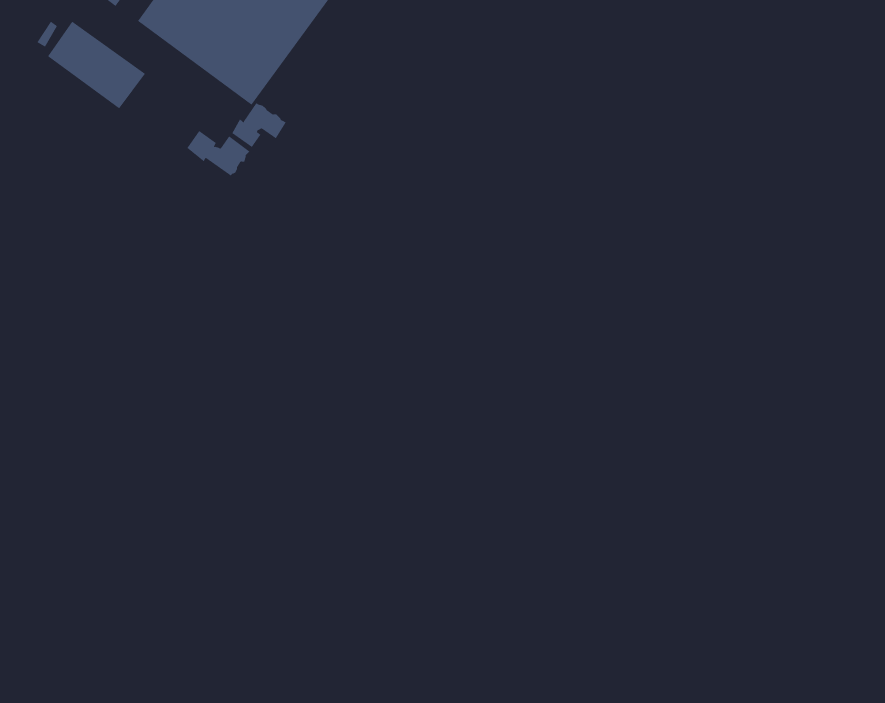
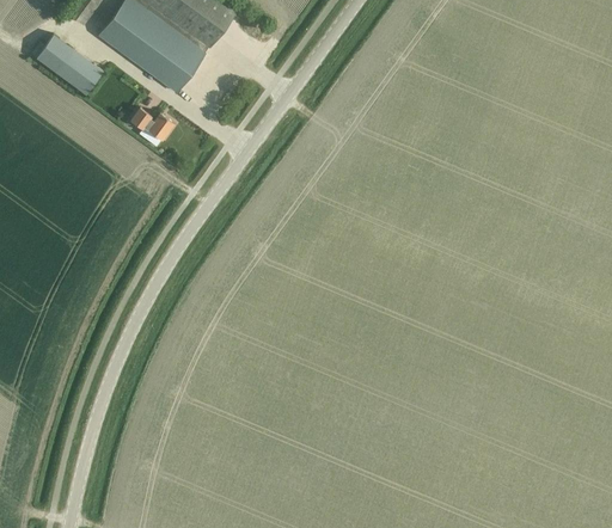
building: [231,103,287,148] -> none

